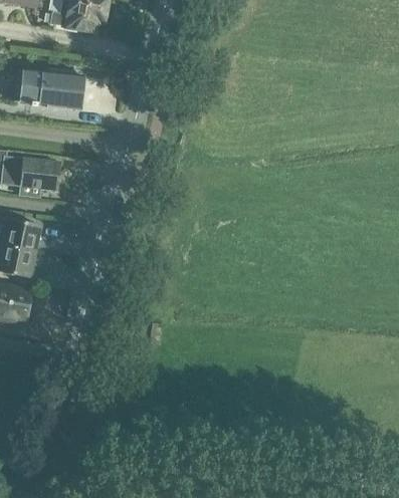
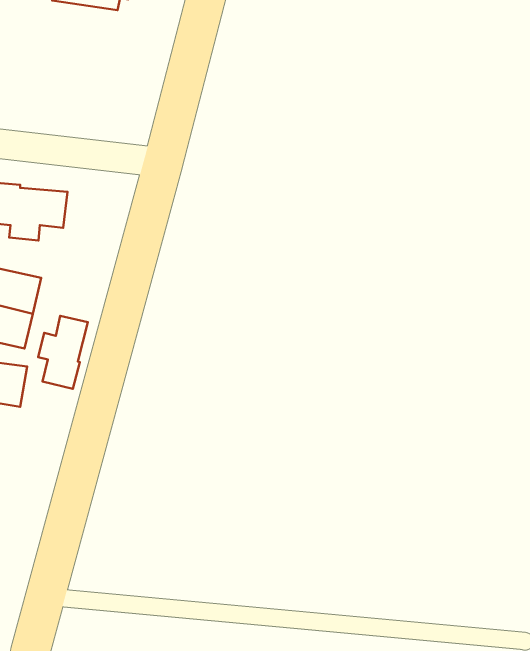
building: [19,68,83,109] -> none
building: none -> [38,316,88,389]

